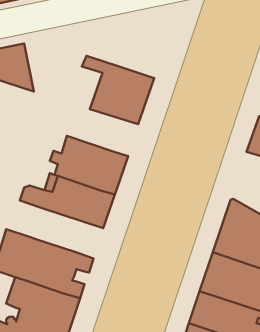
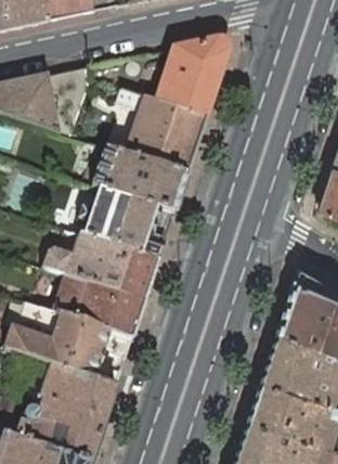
building: none -> [156,37,227,116]
building: none -> [92,146,185,211]
building: none -> [54,274,143,336]

